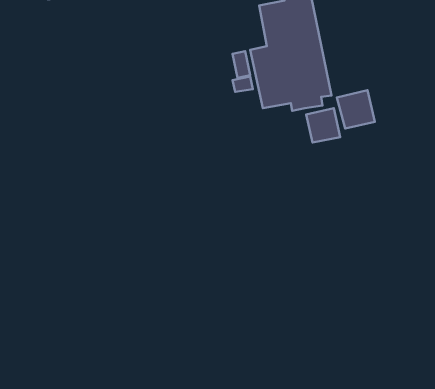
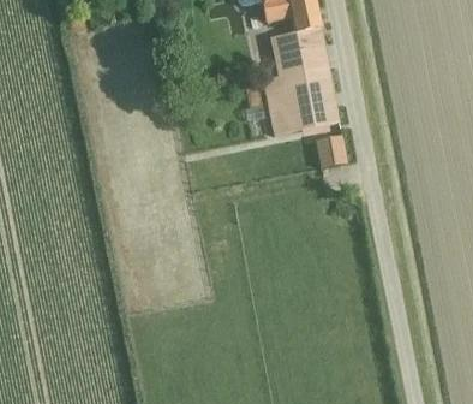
building: [337,90,375,129] -> none

